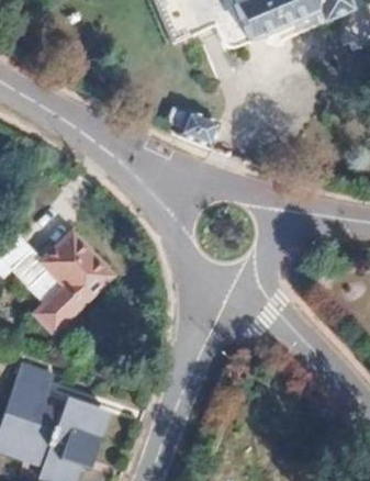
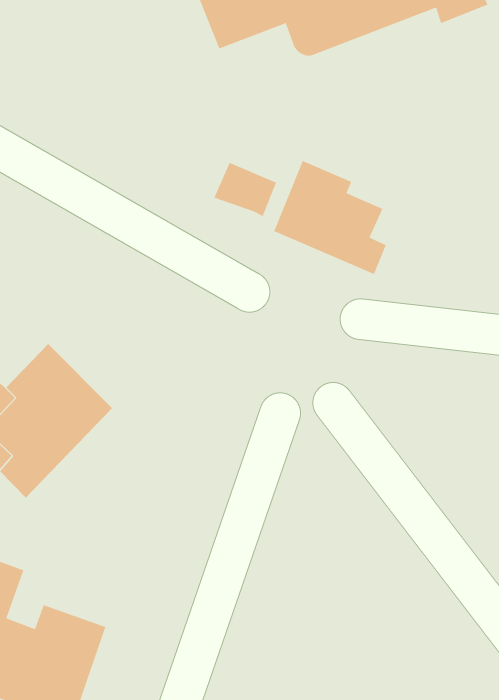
building: none -> [274,160,386,275]

